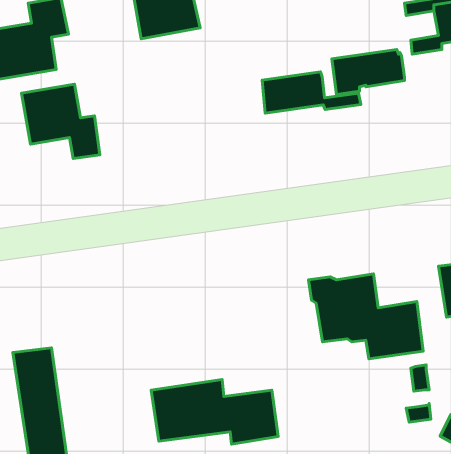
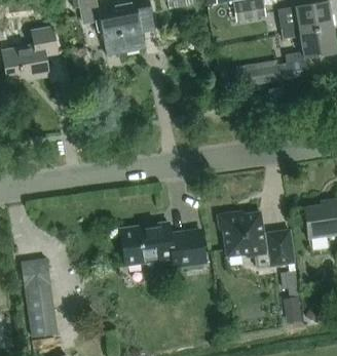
building: [262,72,361,113] -> none
building: [22,84,100,158] -> none
building: [151,379,278,444] -> [121,222,205,265]

